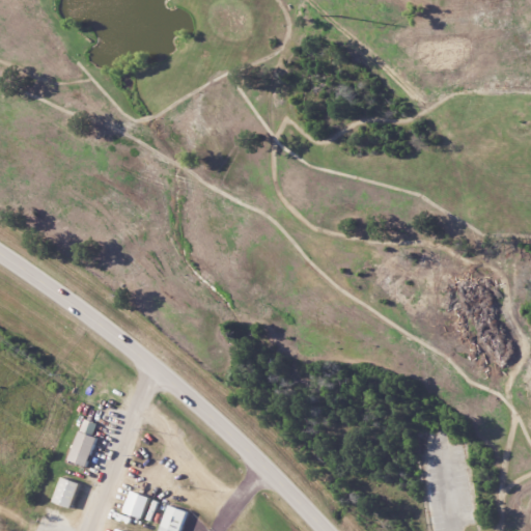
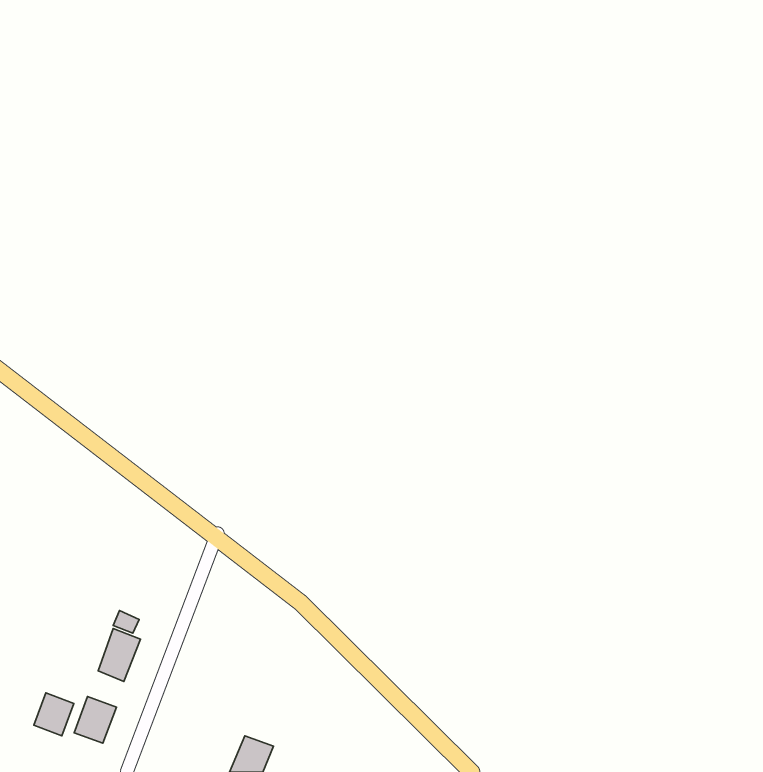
building: none -> [34,693,74,736]
building: [123,492,150,521] -> none

